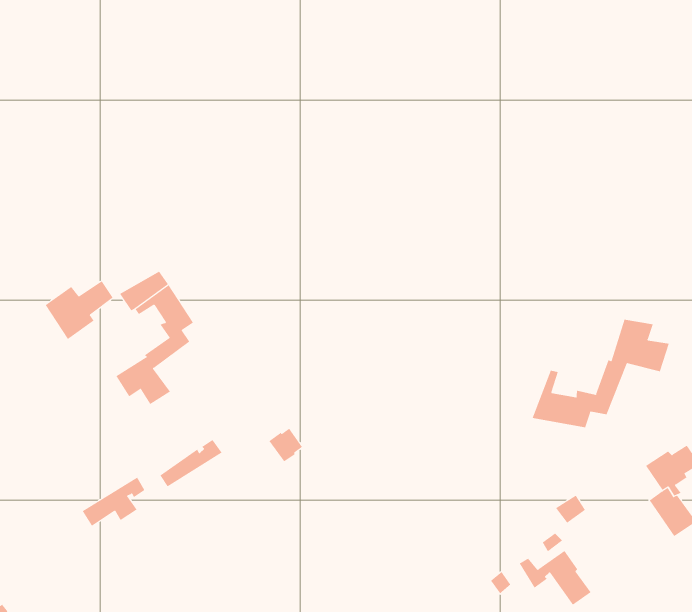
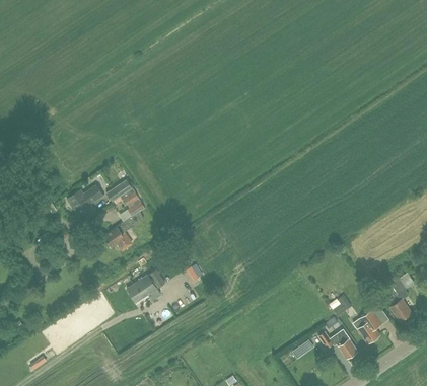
building: [532,319,669,428] -> none
building: [82,477,145,527] -> [131,277,164,303]
building: none -> [356,309,381,343]

